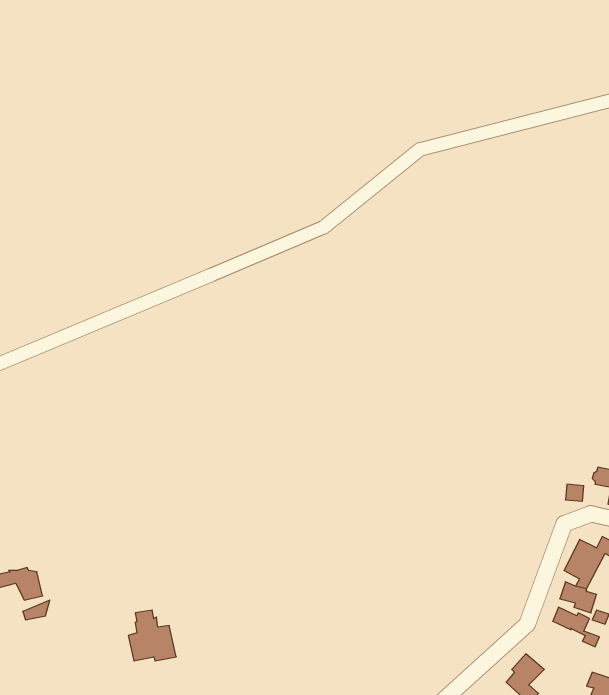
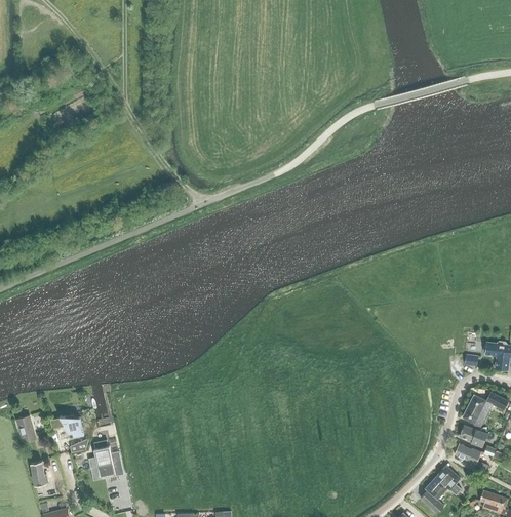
building: [128,610,176,661] -> [89,440,124,477]
building: none -> [435,465,462,494]

